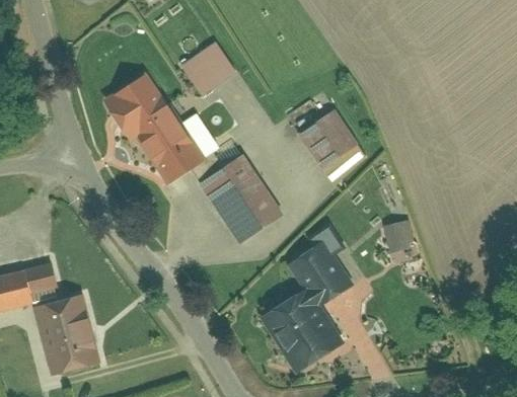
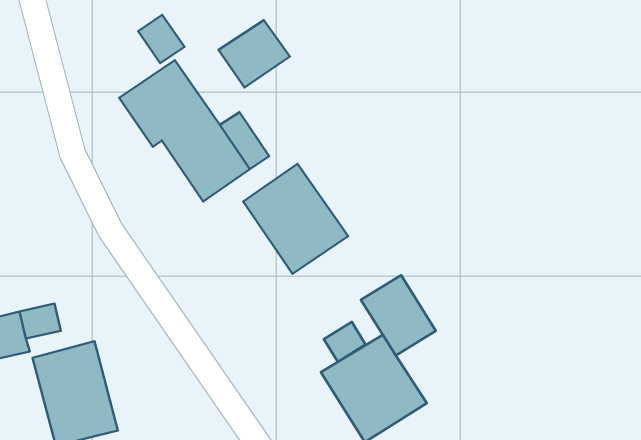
building: none -> [138,15,185,63]
building: [297,109,365,180] -> none
building: [385,221,411,249] -> none
building: none -> [324,322,366,362]

